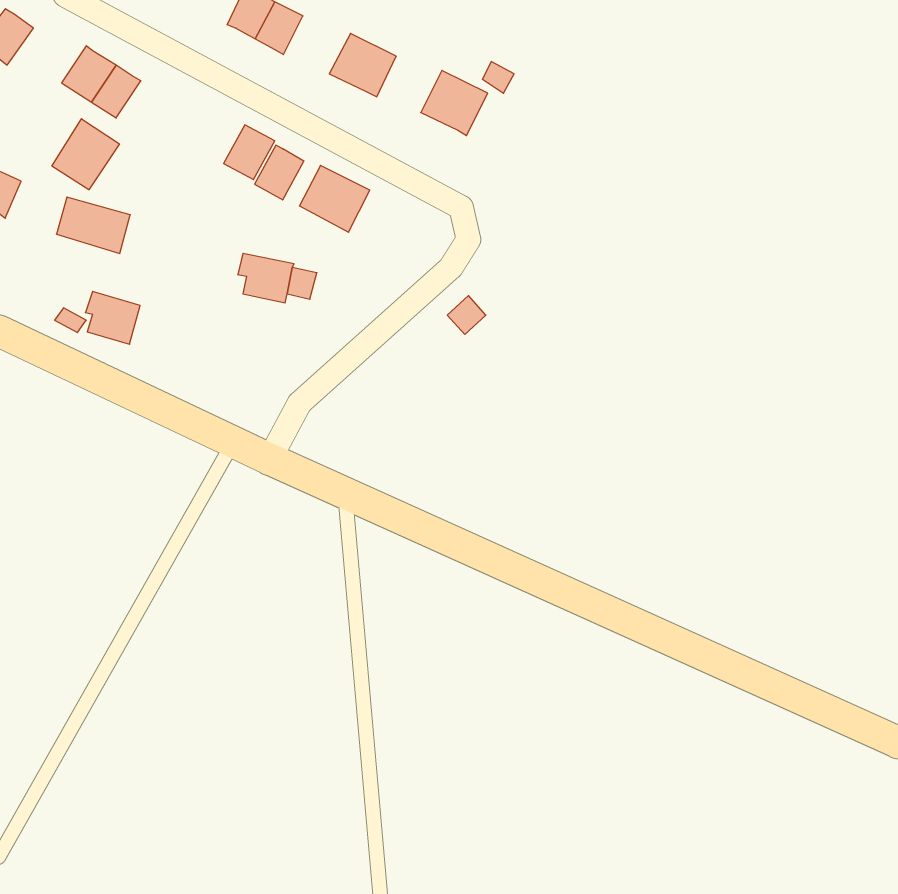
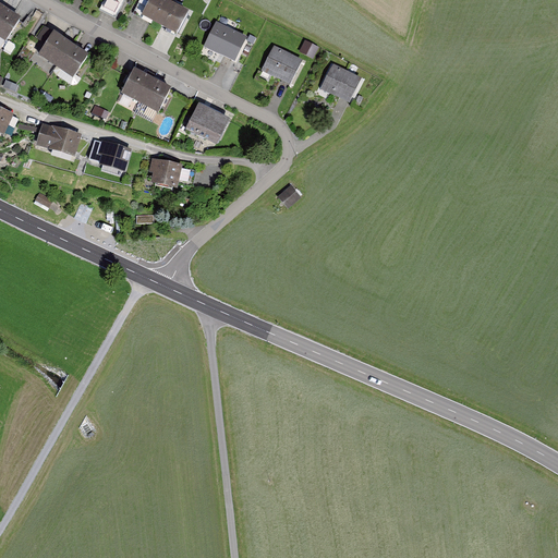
building: none -> [319,62,361,101]
building: [52,119,119,190] -> none
building: [255,145,304,200] -> [121,68,151,101]
building: [85,291,140,344] -> [97,140,131,172]

